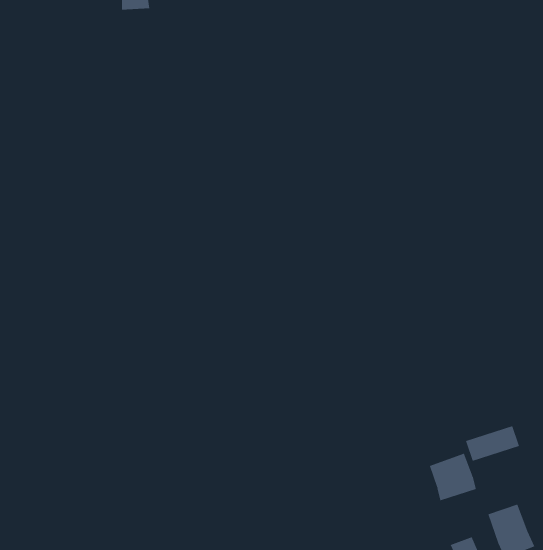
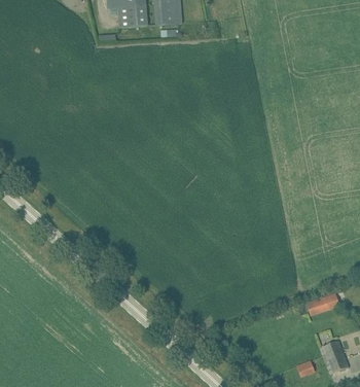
building: [429,453,476,501] -> none

